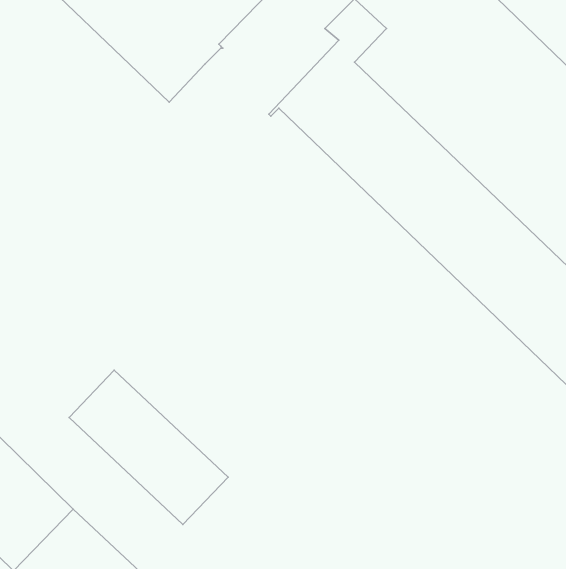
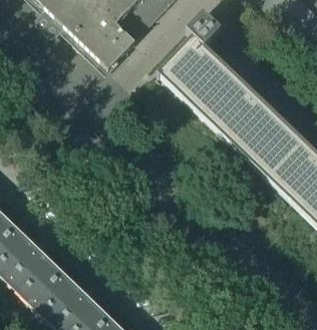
building: [69,370,228,524] -> none

